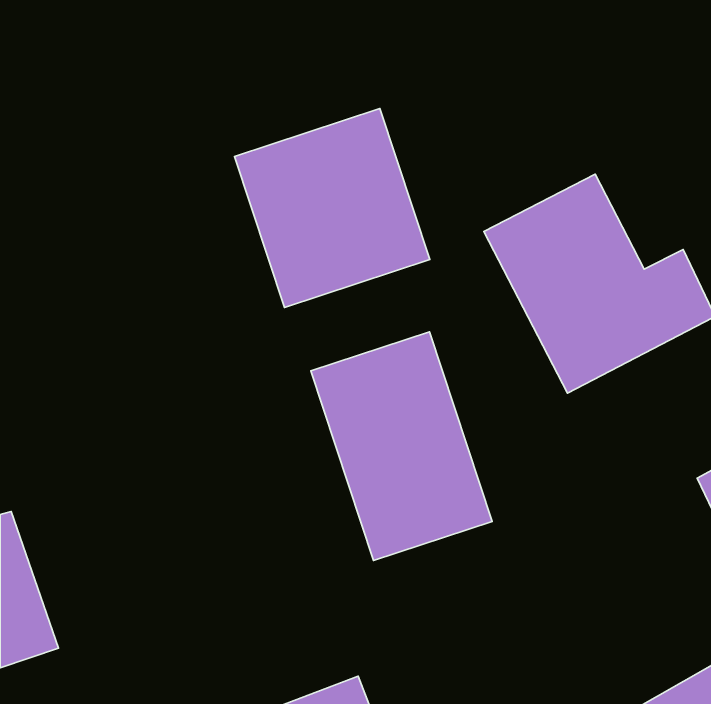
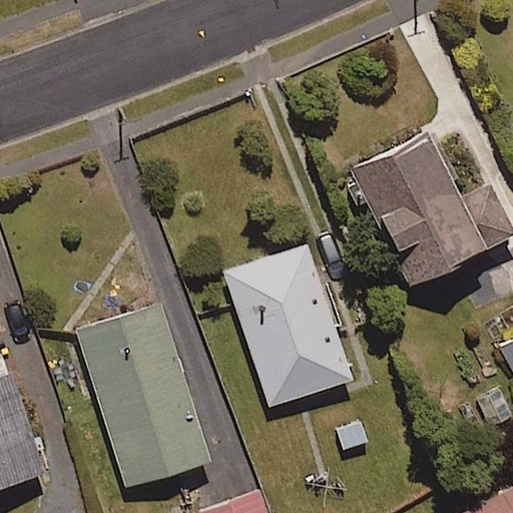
building: [234,108,430,308] -> none
building: none -> [75,303,211,489]

